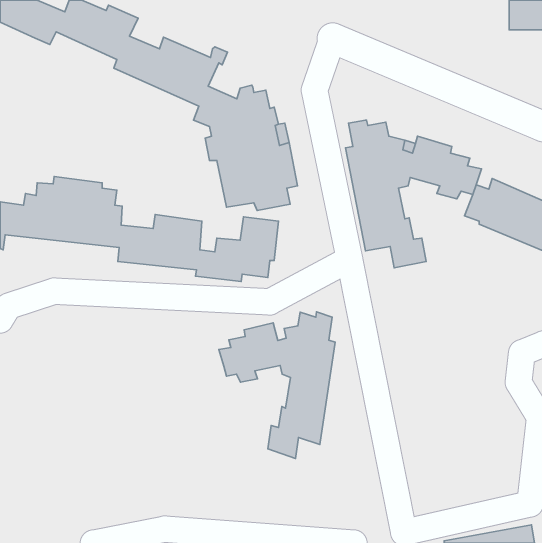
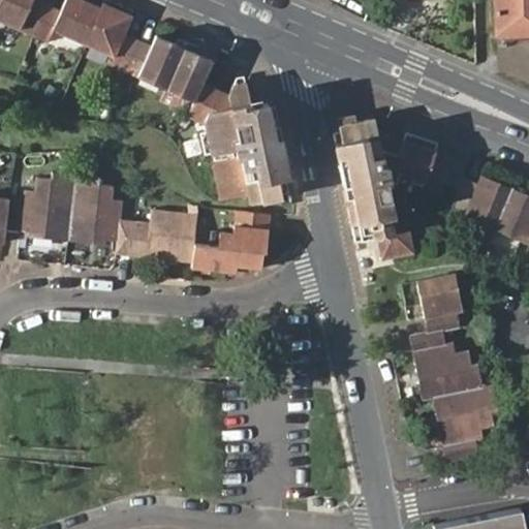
building: none -> [407,273,497,462]
building: [219,312,335,459] -> none

